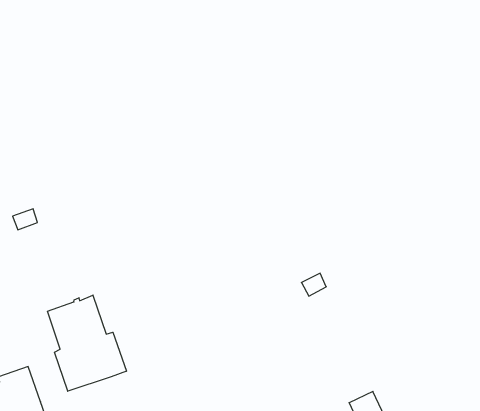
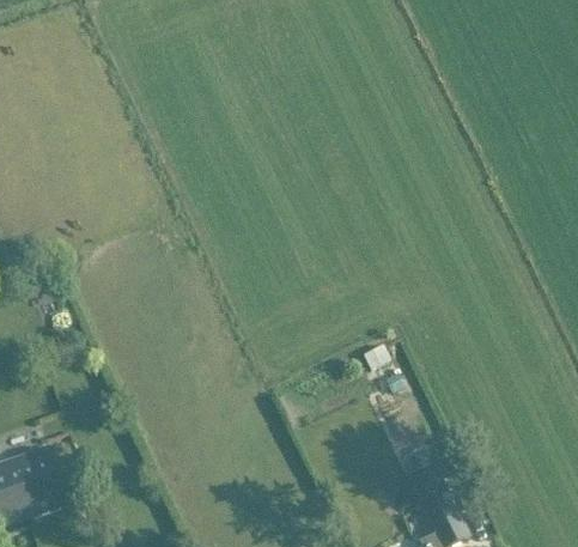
building: [47,295,126,391] -> none

